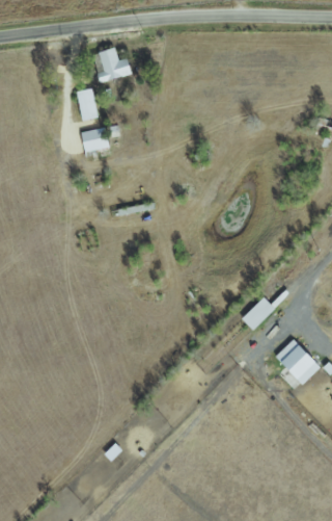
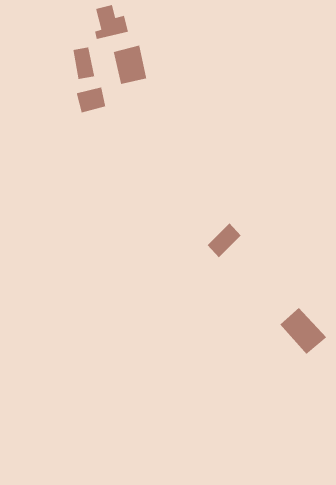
building: none -> [113,44,147,85]
building: [242,296,275,331] -> [207,222,241,258]

